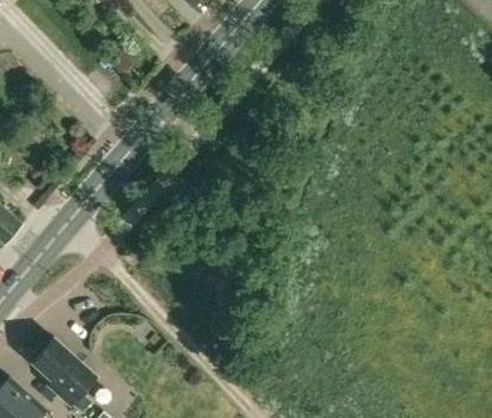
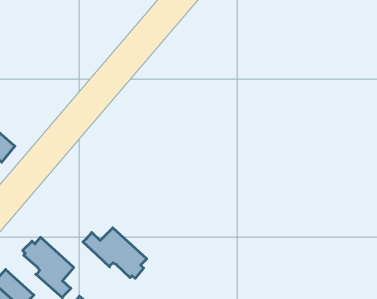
building: none -> [83,228,147,278]

